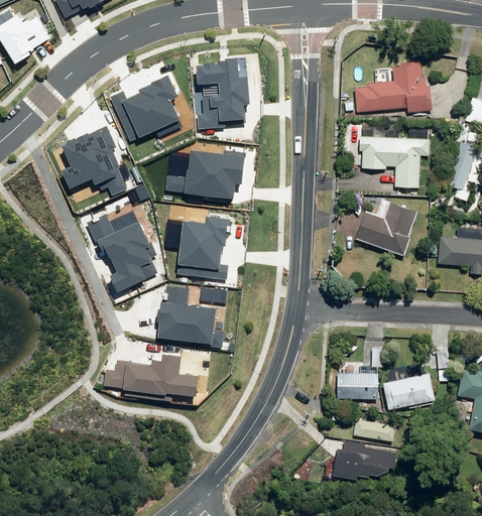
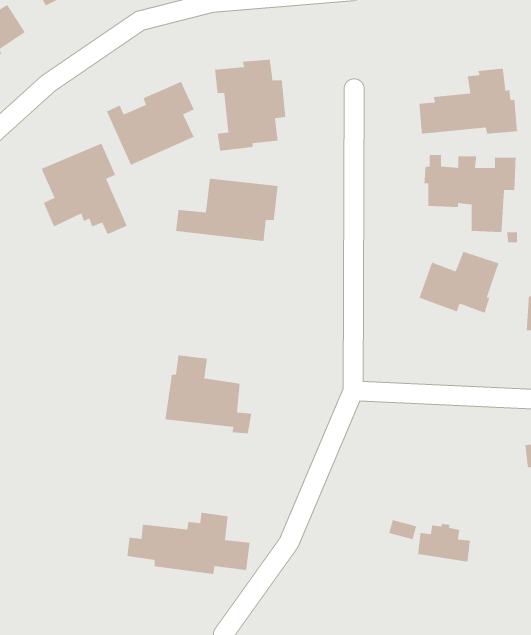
building: [88,212,159,290] -> none
building: [175,214,230,281] -> none
building: [106,350,202,398] -> [126,512,251,575]
building: [335,350,381,402] -> none
building: [380,375,434,413] -> none
building: [331,443,394,484] -> none

